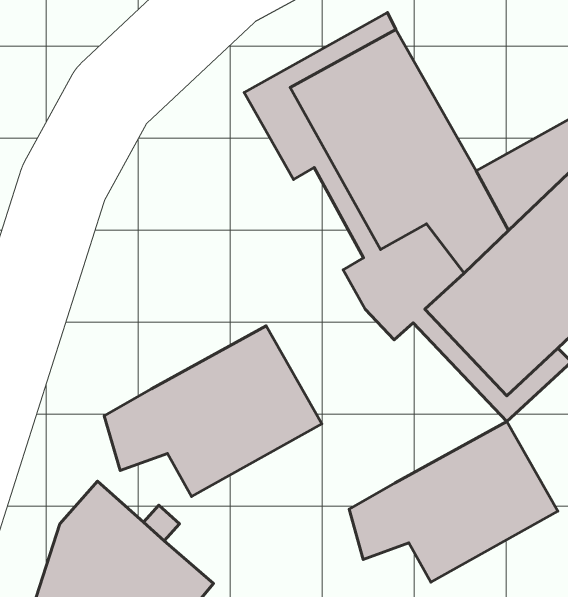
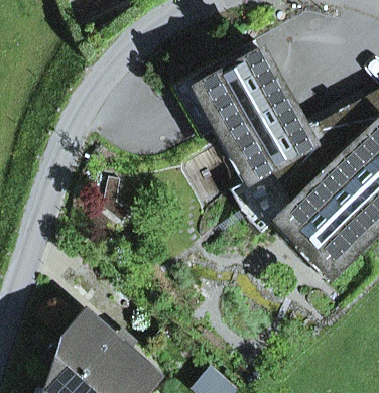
building: [104,326,322,496] -> none
building: [349,422,558,582] -> none

